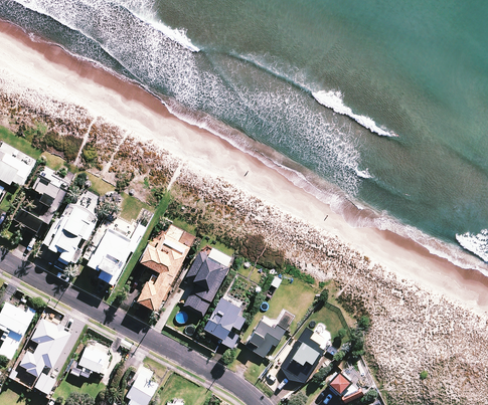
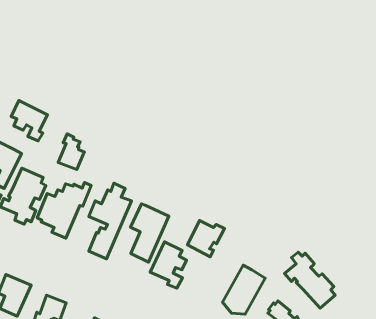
building: none -> [11,100,48,141]
building: none -> [58,134,85,169]
building: none -> [284,252,335,308]
building: [245,321,287,362] -> [188,220,225,257]

